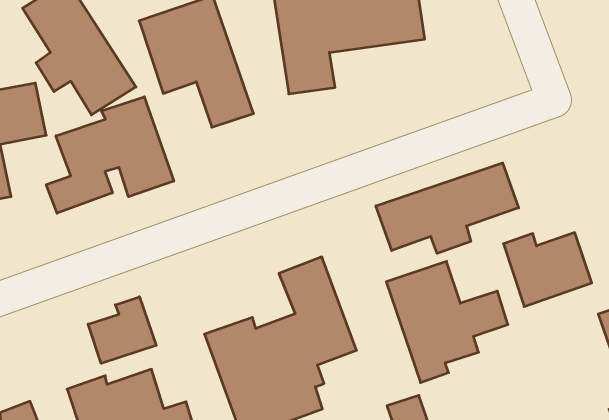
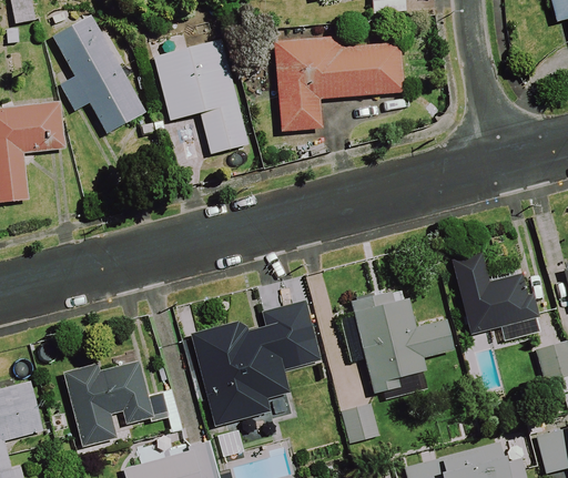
building: [46,97,174,213] -> none
building: [376,163,519,253] -> none
building: [88,297,156,363] -> none

